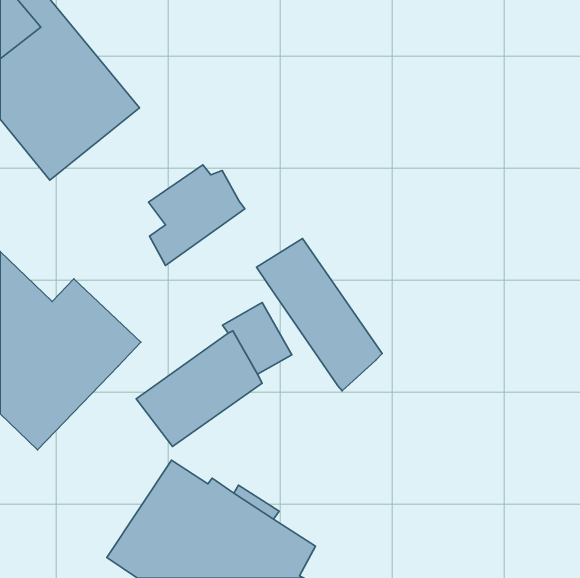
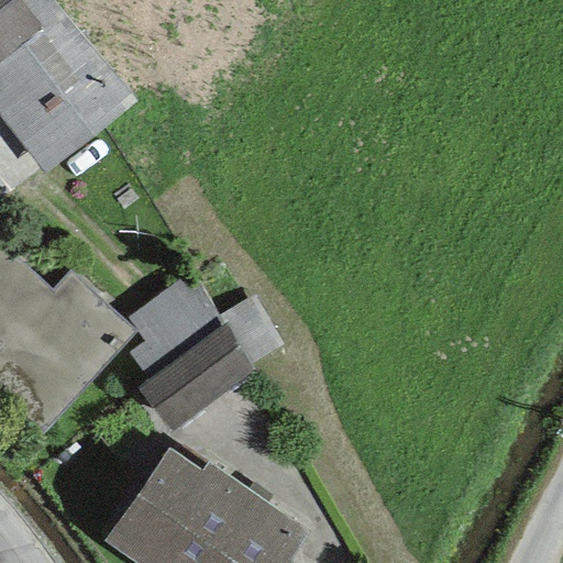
building: [148,165,245,266] -> [128,280,221,378]
building: [256,238,382,391] -> none

